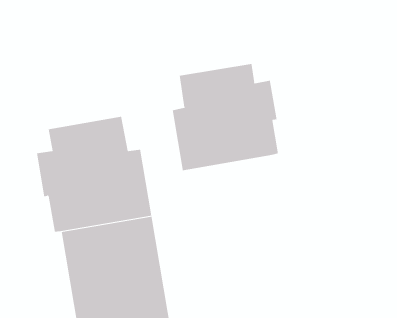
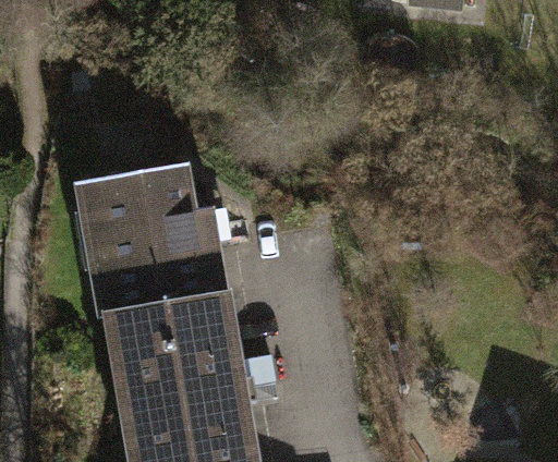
building: [172,63,278,171] -> none

